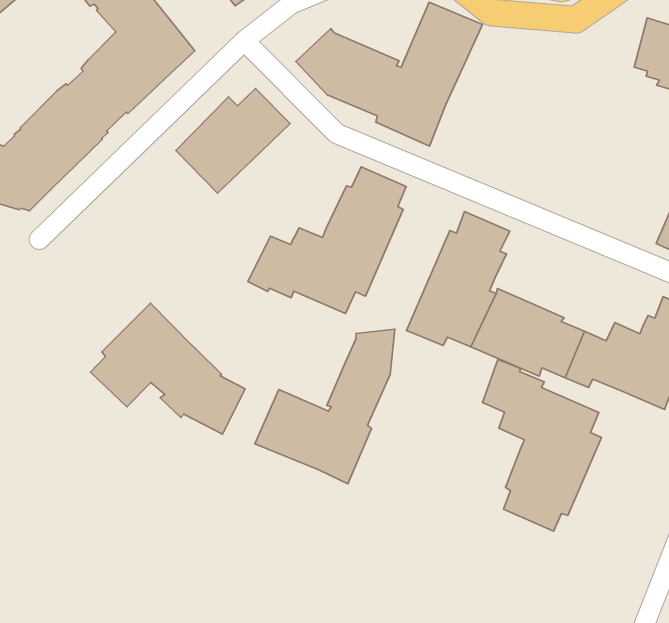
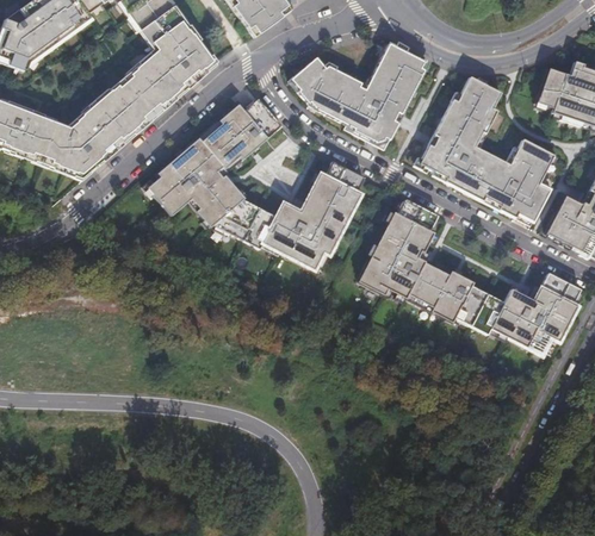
building: none -> [414,82,553,224]
building: [90,303,245,434] -> [149,138,262,238]
building: [255,329,395,484] -> none
building: [483,359,602,531] -> none

